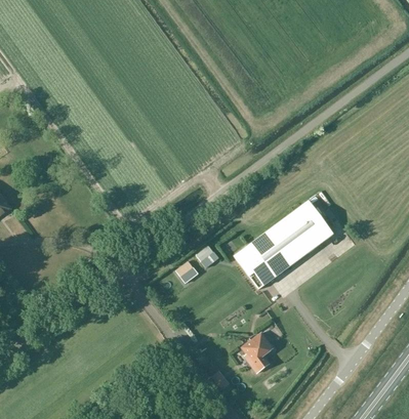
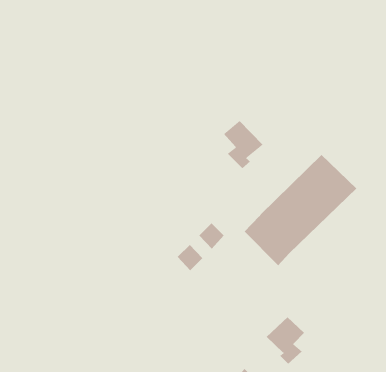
building: none -> [223,120,263,169]

